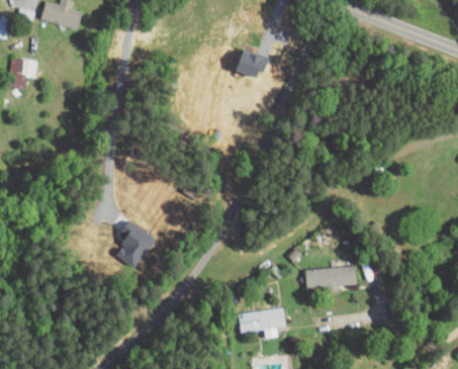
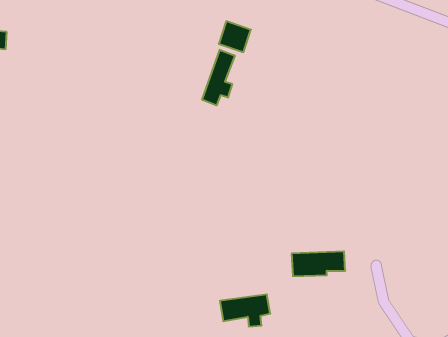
building: none -> [202,50,235,105]
building: [115,220,154,268] -> none

